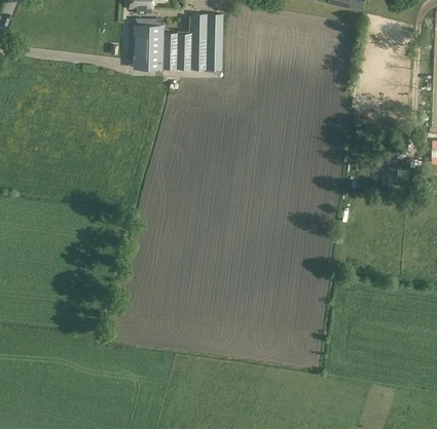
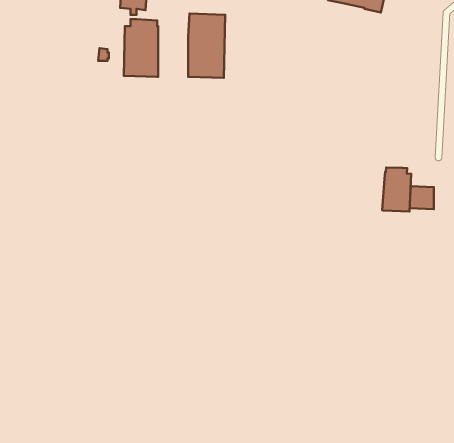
building: [162,32,189,69] -> none
building: none -> [382,168,411,211]

